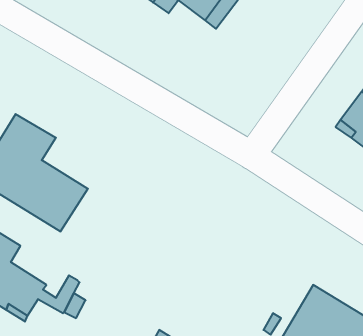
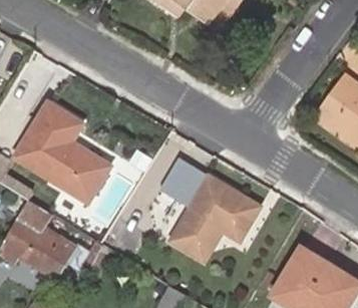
building: none -> [158,158,259,261]

